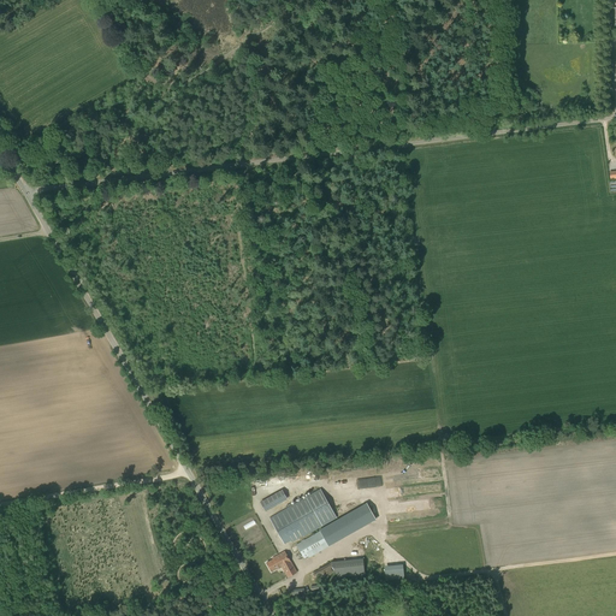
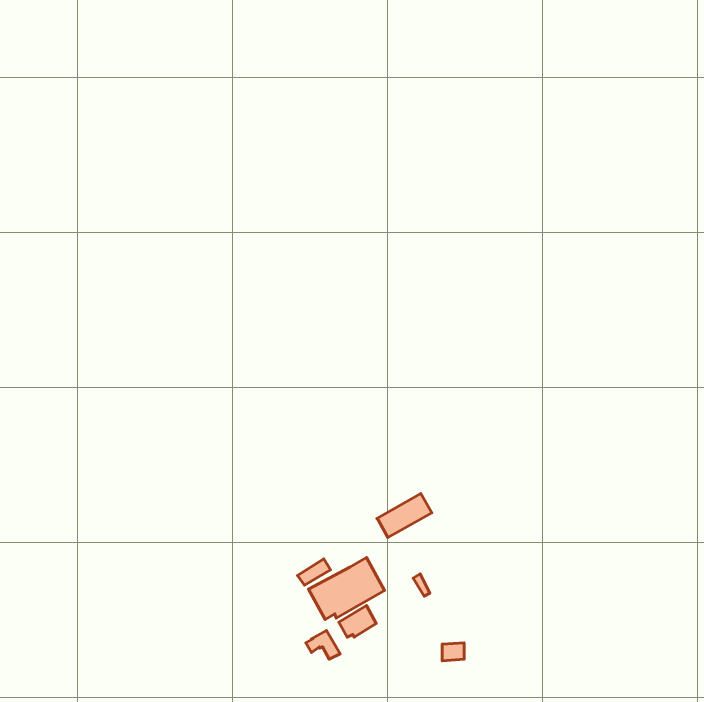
building: [319,507,367,545] -> [377,494,432,538]
building: [313,557,365,578] -> none

